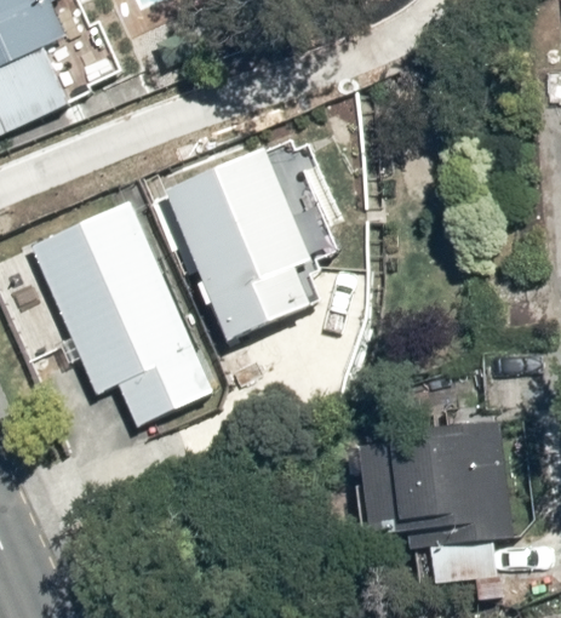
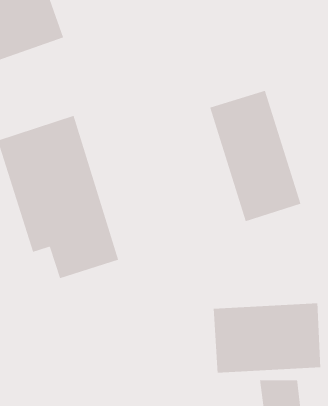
building: none -> [209,90,301,222]
building: [138,145,316,338] -> none

